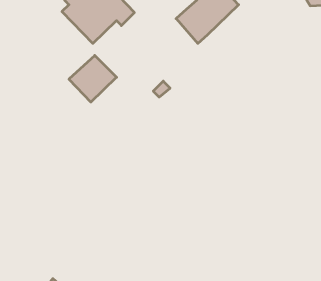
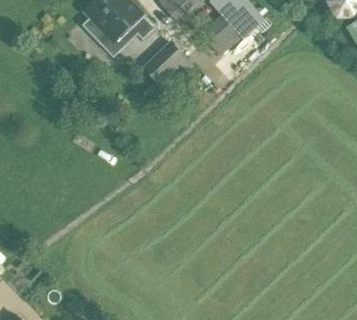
building: [69,55,117,102] -> [144,42,193,90]

